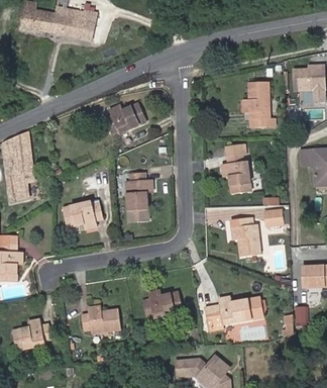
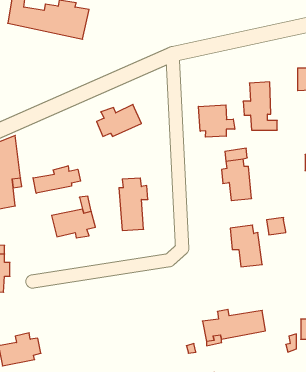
building: none -> [198,105,235,137]
building: none -> [33,166,81,193]
building: [141,291,182,318] -> none
building: [81,305,120,332] -> none

